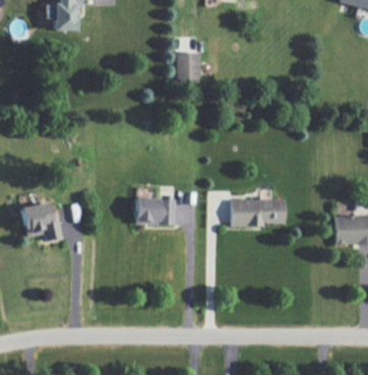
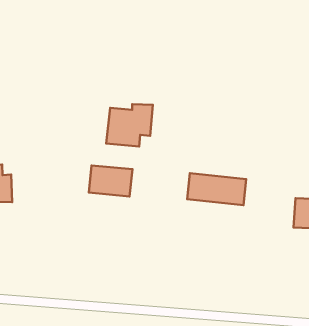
building: [176,51,200,82] -> none
building: none -> [106,104,153,147]

